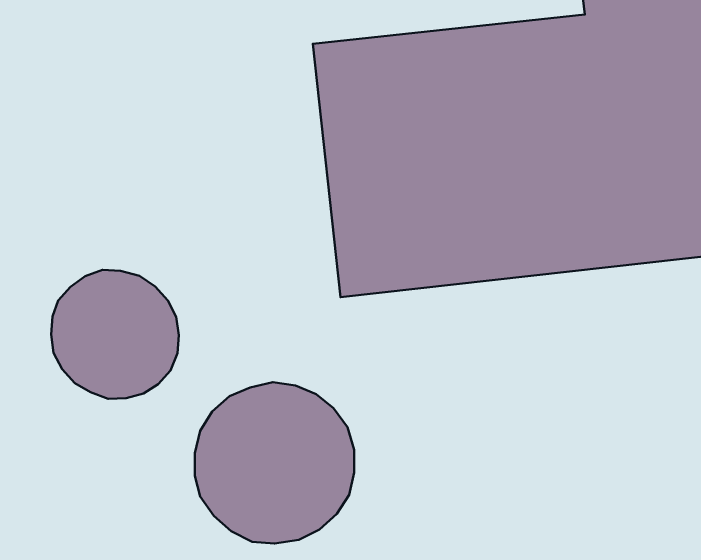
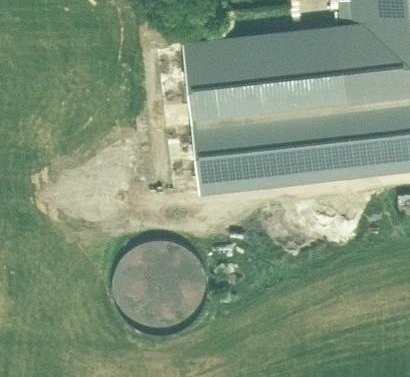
building: [51,270,179,399] -> none

